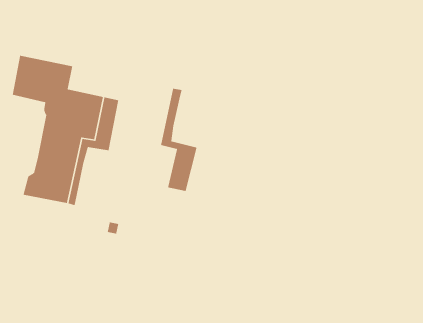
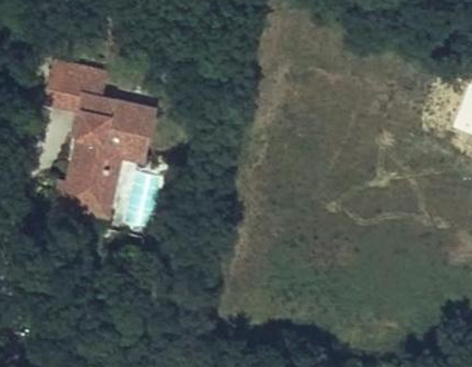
building: [160,88,198,192] -> none

